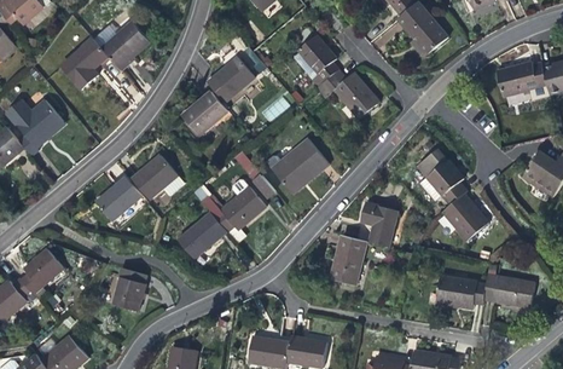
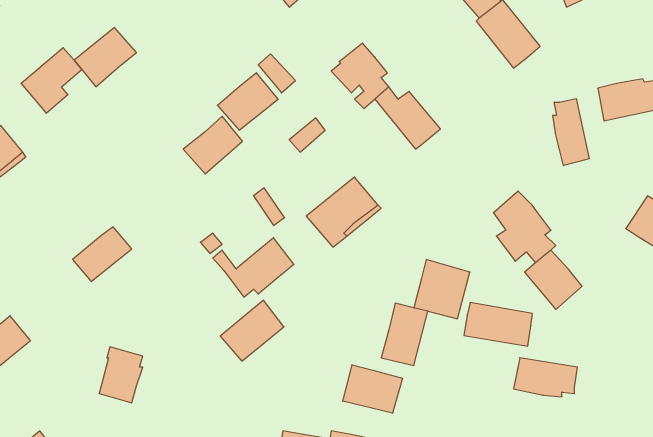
building: none -> [553,99,589,166]
building: [130,155,176,200] -> none
building: [178,212,227,259] -> [220,300,284,361]
building: [483,277,536,311] -> [464,303,532,346]
building: none -> [343,365,403,413]

